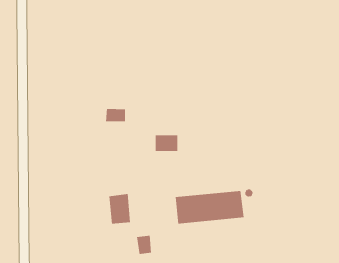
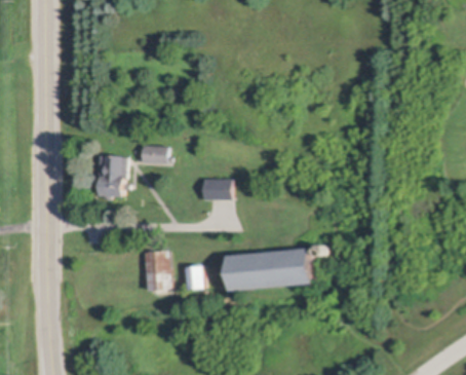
building: none -> [94,157,126,201]
building: [136,235,152,254] -> [184,266,203,290]

